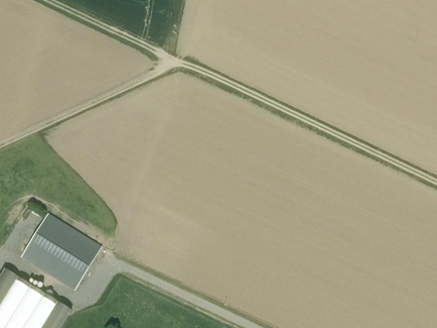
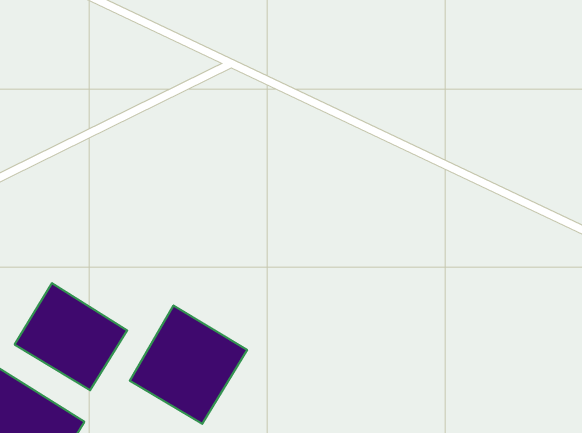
building: none -> [130,305,247,424]

